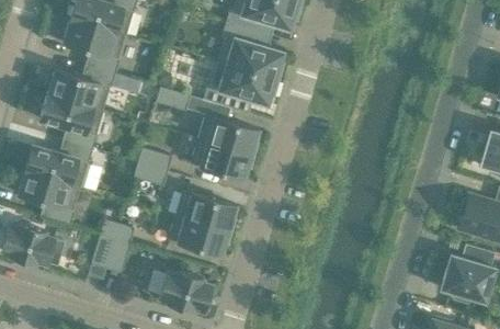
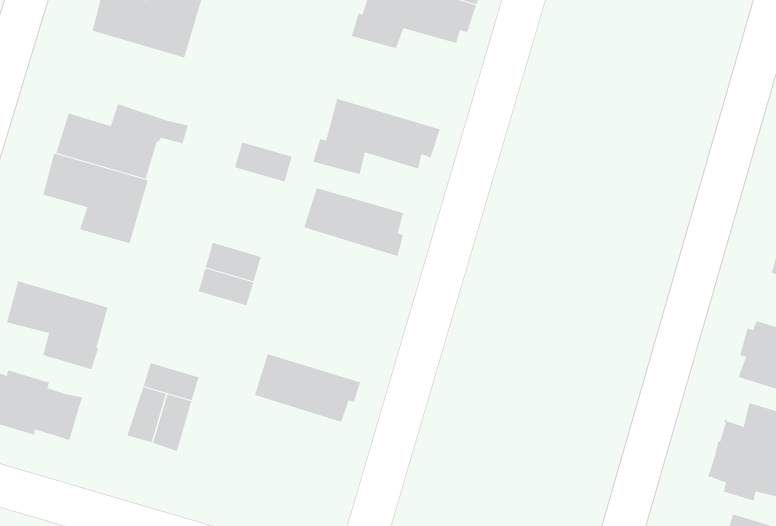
building: [64,20,126,73] -> none
building: [217,23,284,79] -> none
building: [190,138,254,179] -> none
building: [25,139,93,186] -> none
building: [175,190,236,231] -> none
building: [159,271,212,310] -> none

